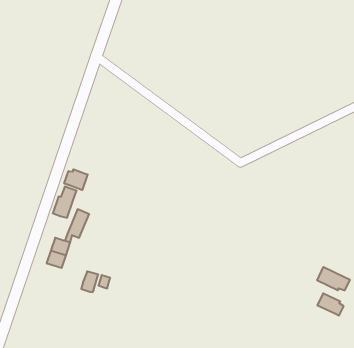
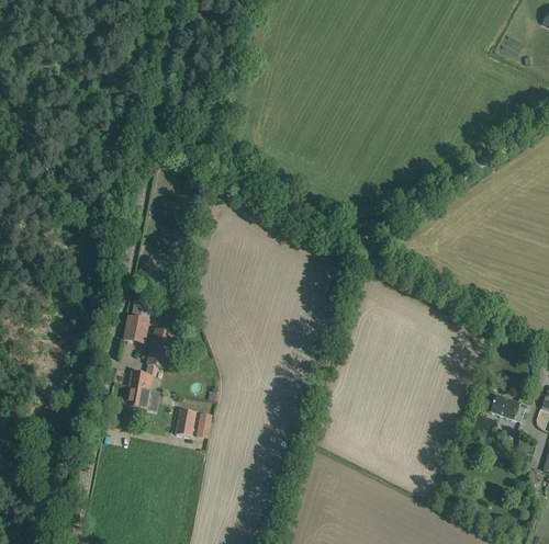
building: [64,169,88,190] -> none
building: [317,267,350,290] -> none

